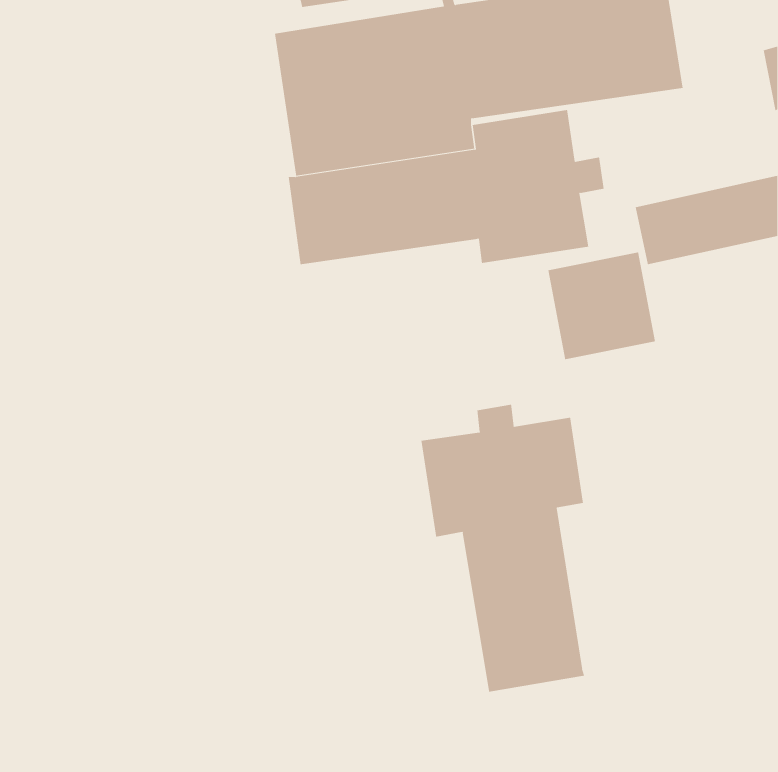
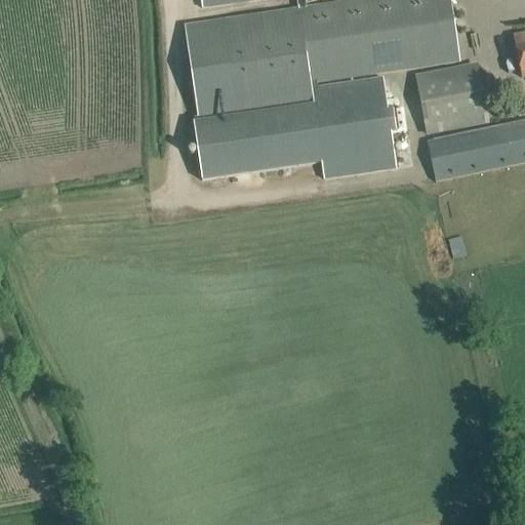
building: [548,252,656,360] -> [415,62,488,134]
building: [421,404,585,692] -> none

